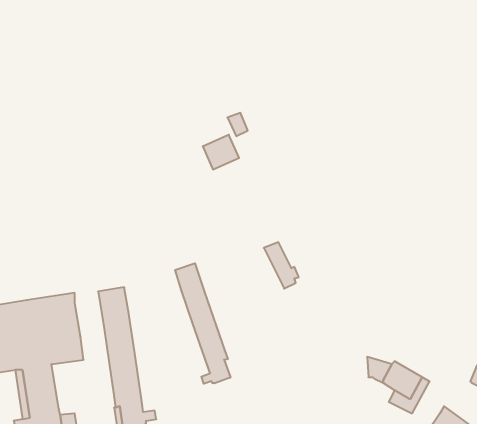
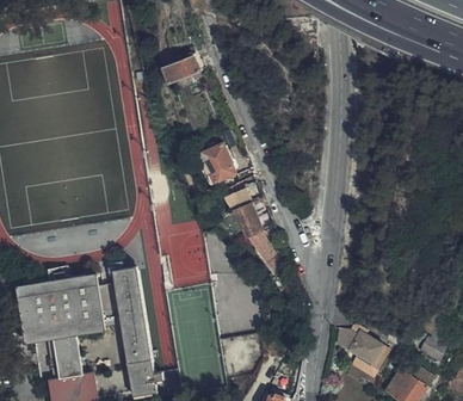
building: none -> [162,54,197,81]
building: none -> [228,190,261,236]
building: [175,263,230,384] -> none

